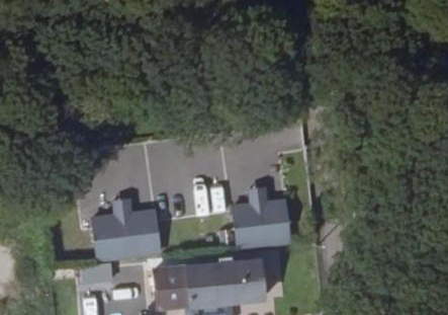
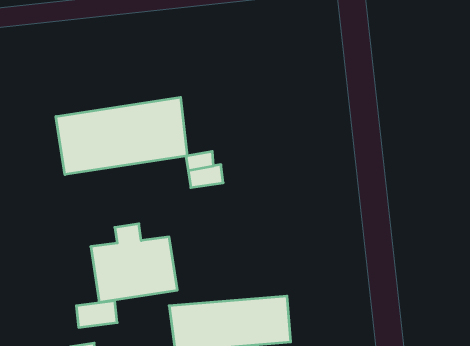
building: none -> [56,97,187,175]
building: [233,190,290,249] -> none

